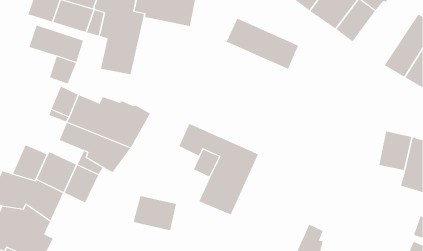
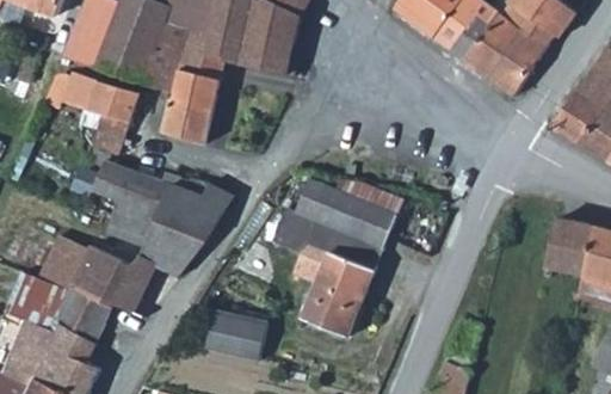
building: [219,18,299,70] -> [285,178,396,250]

